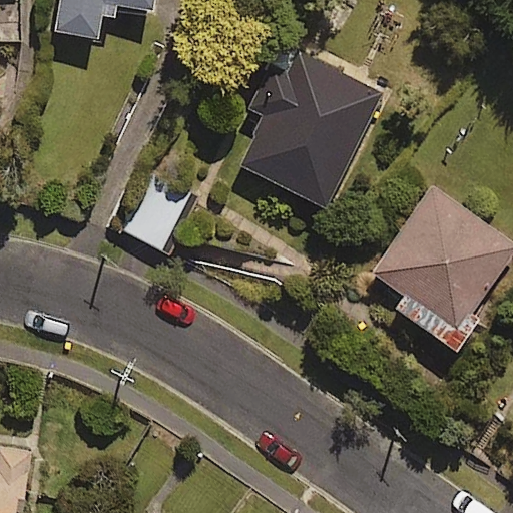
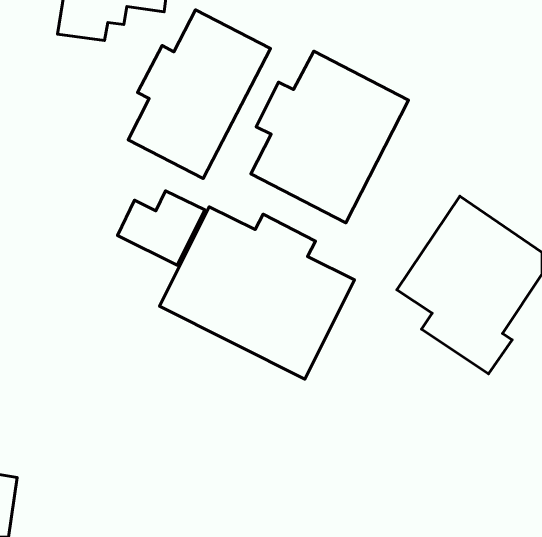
building: none -> [128,10,271,178]
building: none -> [159,207,354,379]

